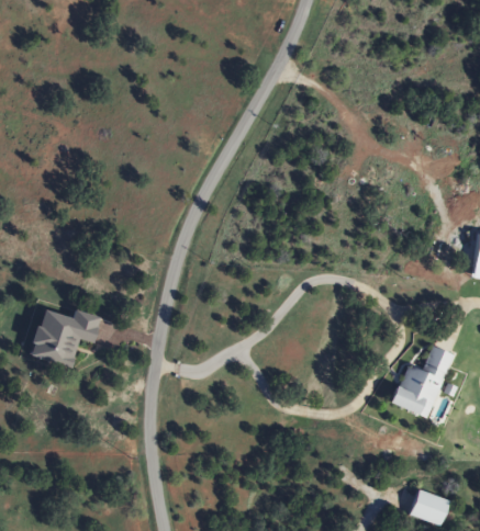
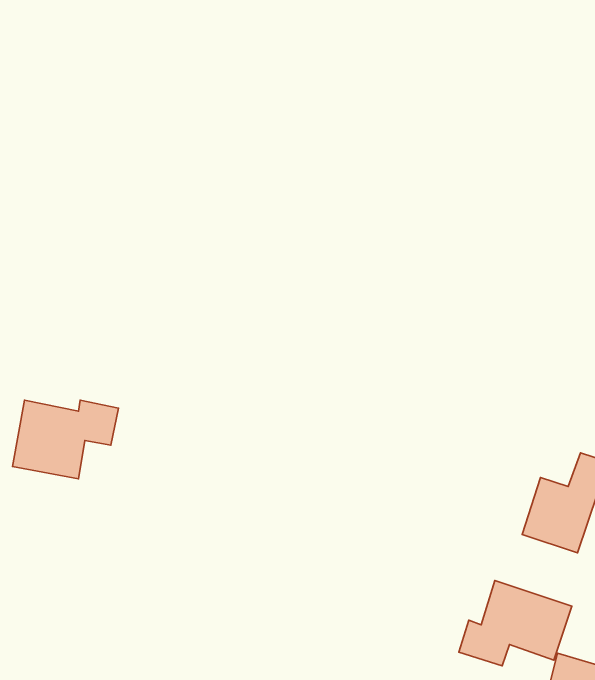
building: none -> [459,580,572,666]

